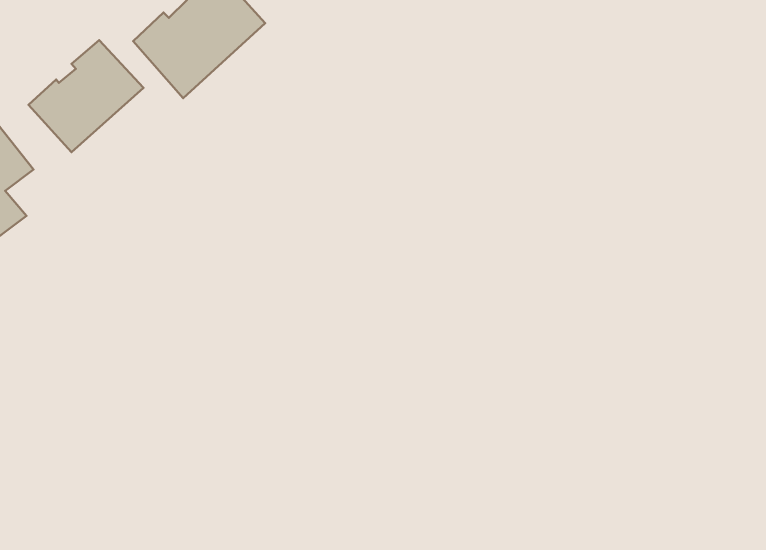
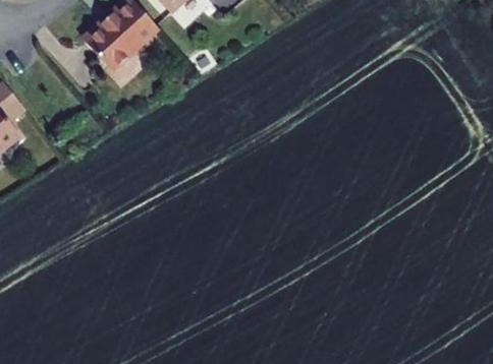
building: [28,40,143,152] -> none

